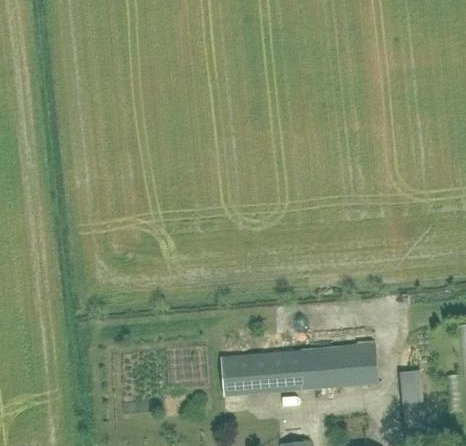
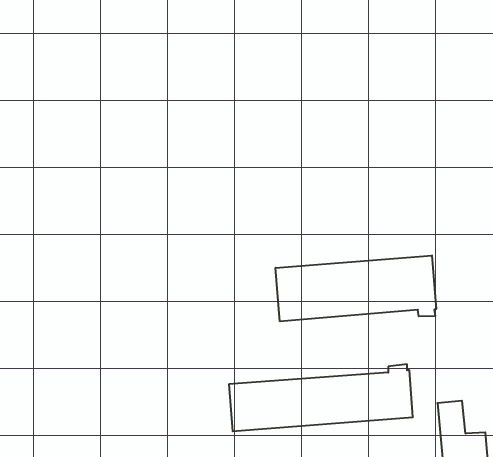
building: none -> [276,255,436,321]

